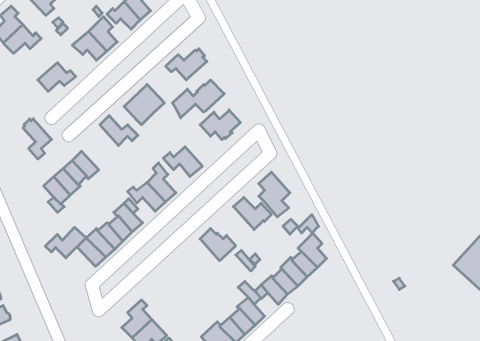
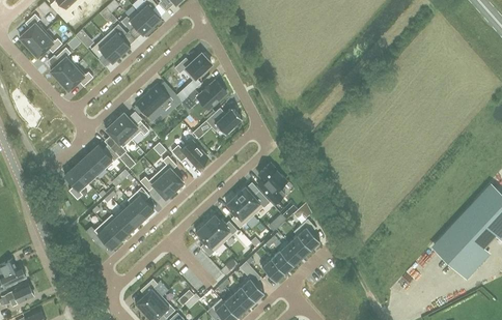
building: none -> [50,48,77,81]
building: [23,119,52,159] -> [106,121,132,157]
building: none -> [226,195,254,228]
building: [45,227,86,258] -> none
building: none -> [195,224,223,257]

